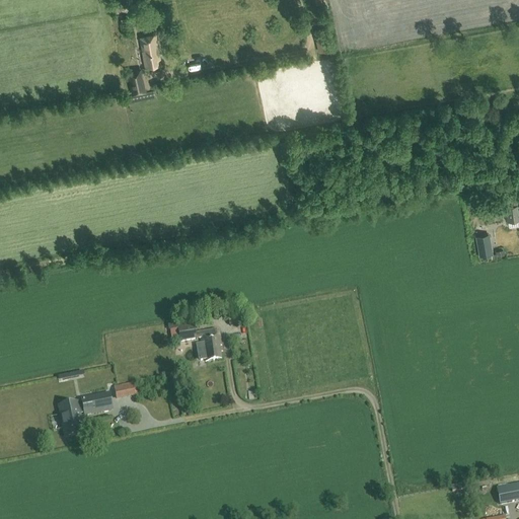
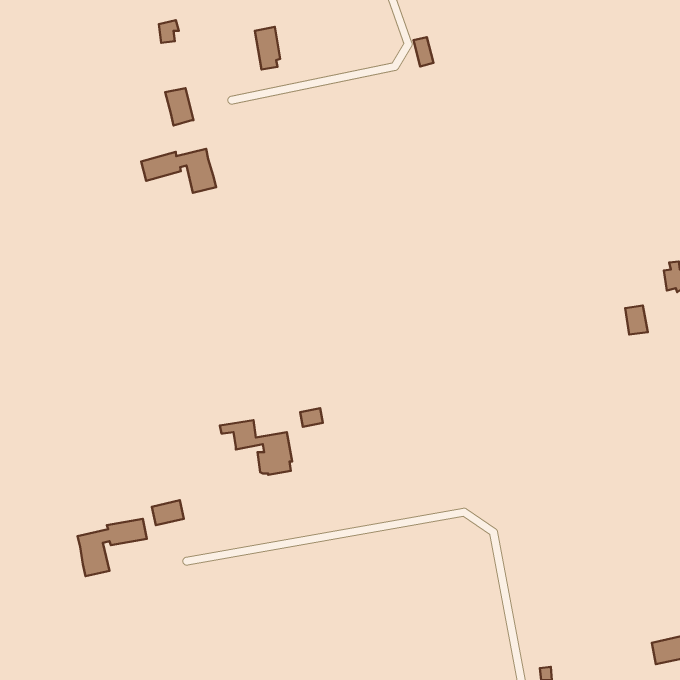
building: [141,33,160,66] -> [255,27,280,69]
building: none -> [141,149,216,193]

